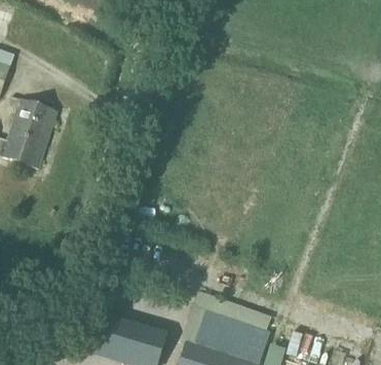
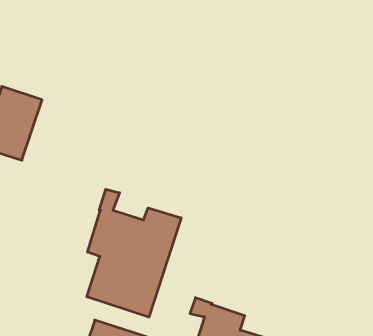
building: none -> [87,189,181,317]

